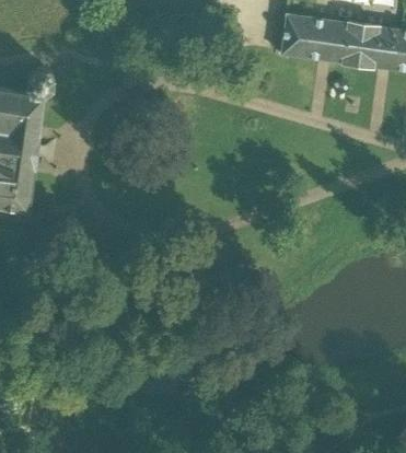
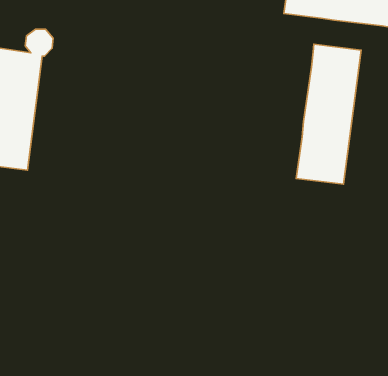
building: none -> [296,44,361,184]

